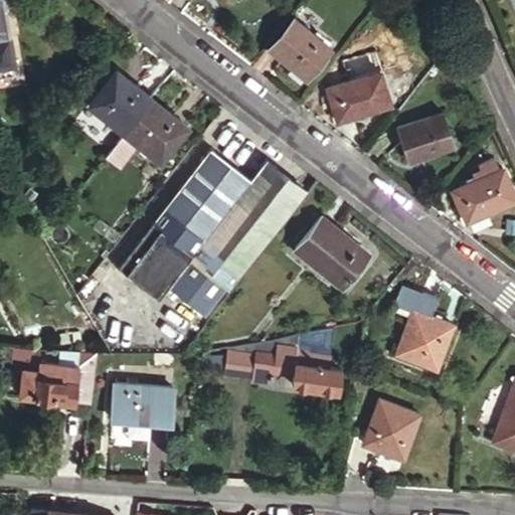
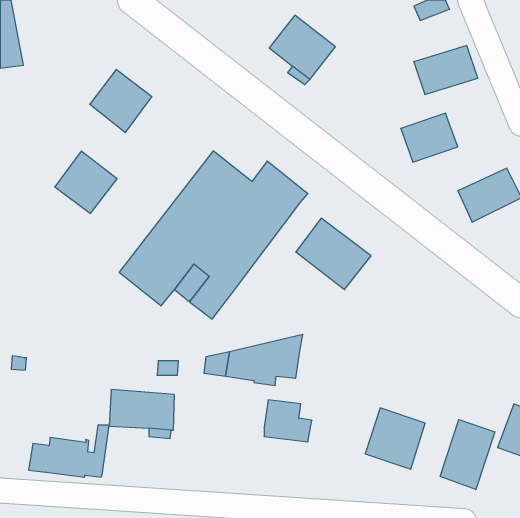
building: [325,74,388,123] -> [414,46,478,94]
building: [125,99,186,160] -> [55,151,117,213]
building: [393,289,452,370] -> none
building: [293,349,340,390] -> [264,400,312,442]
building: [20,357,100,408] -> [29,425,109,477]
building: none -> [440,420,495,490]

